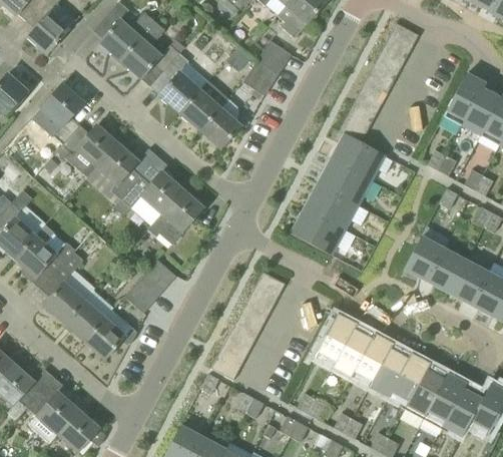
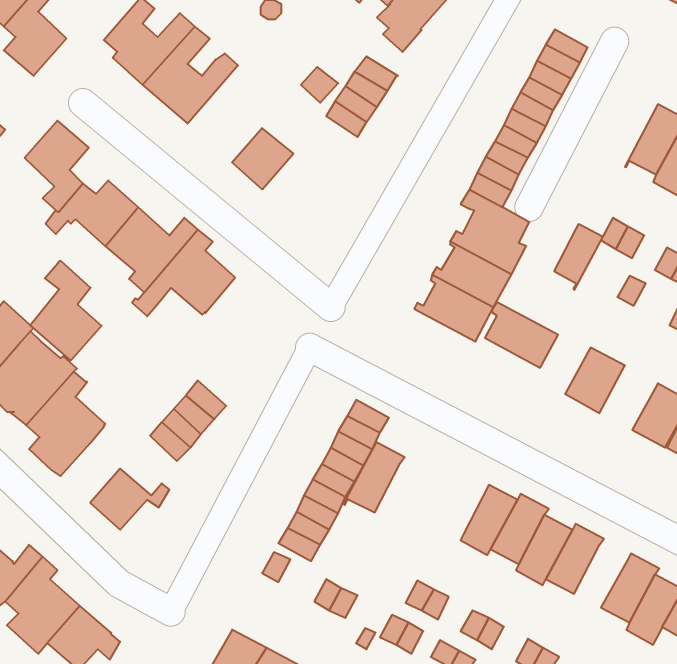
building: [150,48,207,112] -> none
building: [200,98,241,148] -> none
building: none -> [554,224,603,290]
building: none -> [30,261,102,360]
building: [148,189,203,245] -> none
building: [295,210,344,255] -> [485,302,558,368]
building: [427,249,466,292] -> none
building: [65,301,105,341] -> none
building: [315,315,356,362] -> [343,442,405,512]
building: [408,369,446,416] -> none

